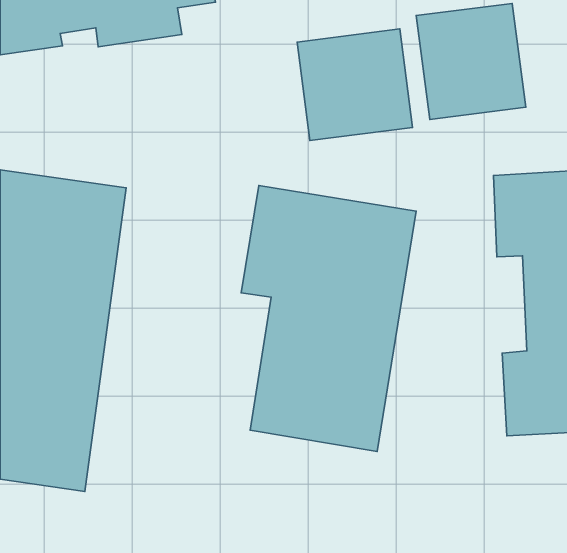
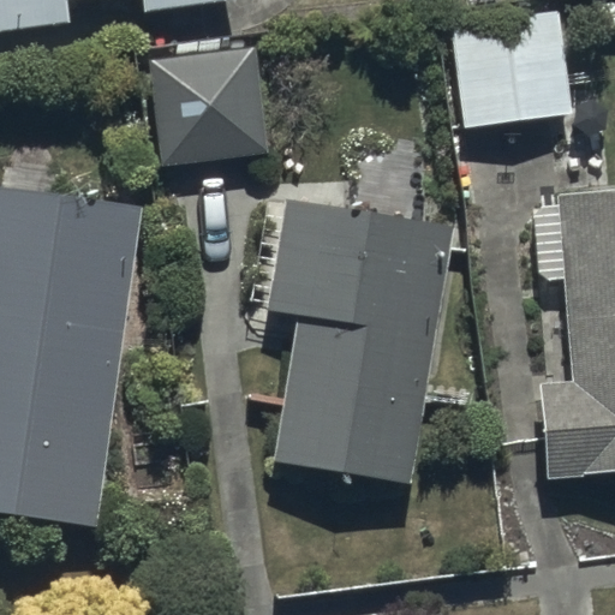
building: [297,29,413,141] -> none
building: none -> [153,46,264,162]

